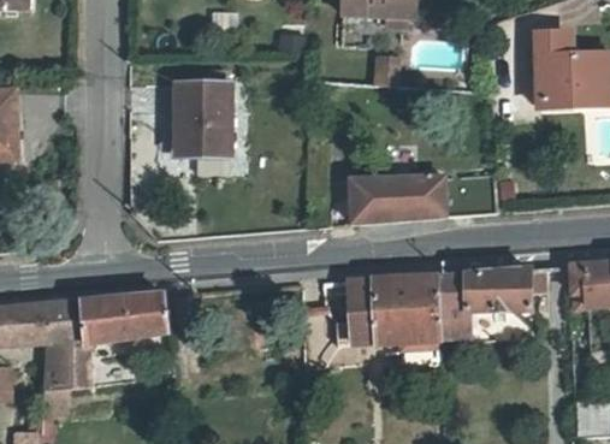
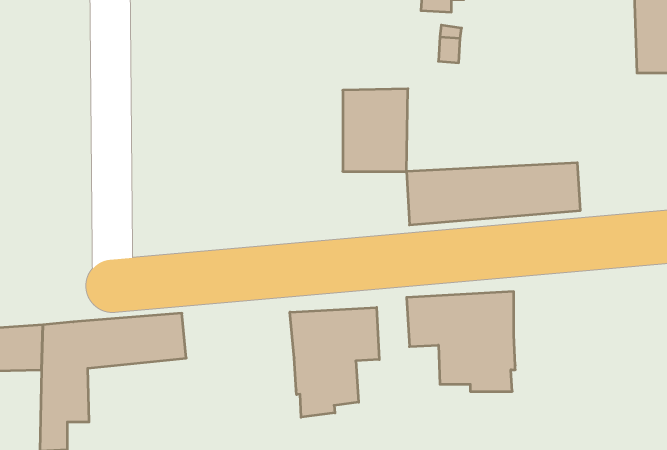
building: [173,83,227,152] -> [343,89,408,171]
building: [439,268,547,338] -> none
building: none -> [290,307,379,417]

